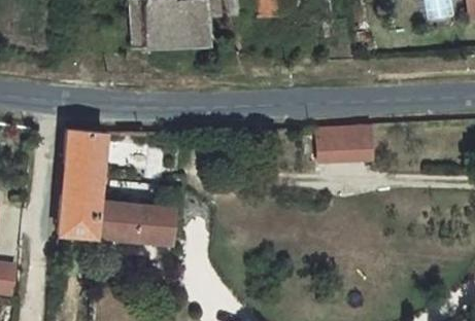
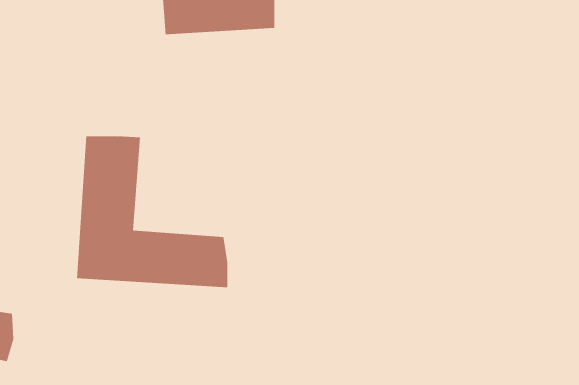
building: [307,127,363,167] -> none

